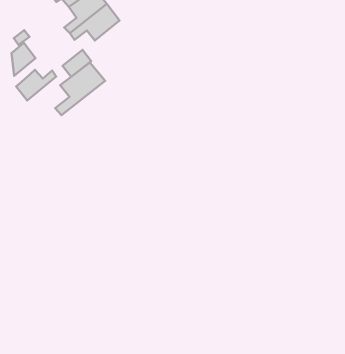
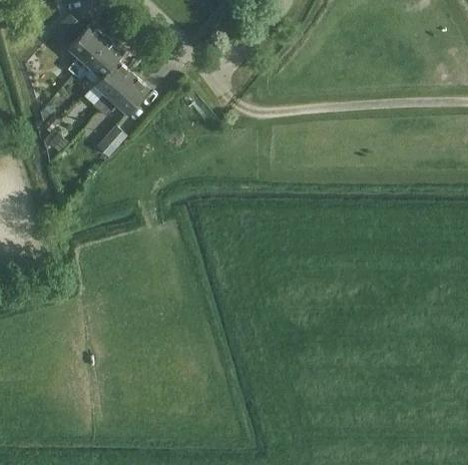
building: [55,62,105,115] -> none
building: [16,70,56,100] -> none

